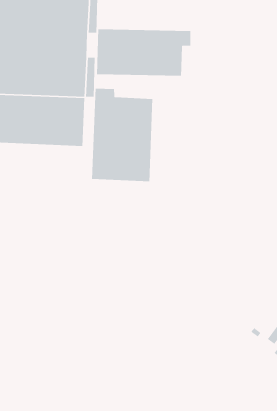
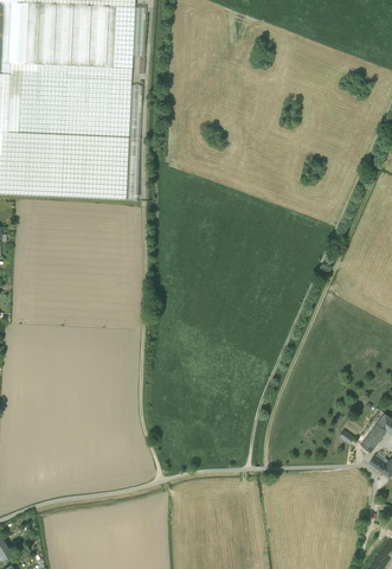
building: [96,28,191,76] -> none
building: [91,88,153,182] -> none

